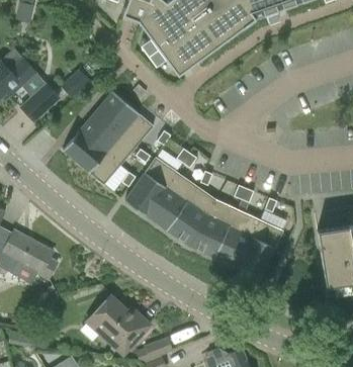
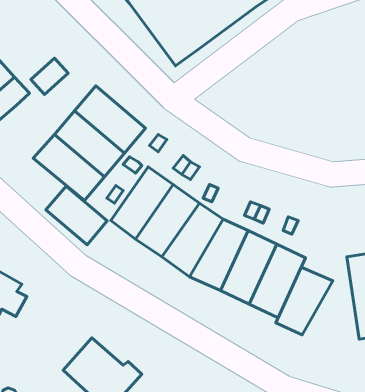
building: none -> [46,186,107,245]
building: none -> [276,267,333,335]

